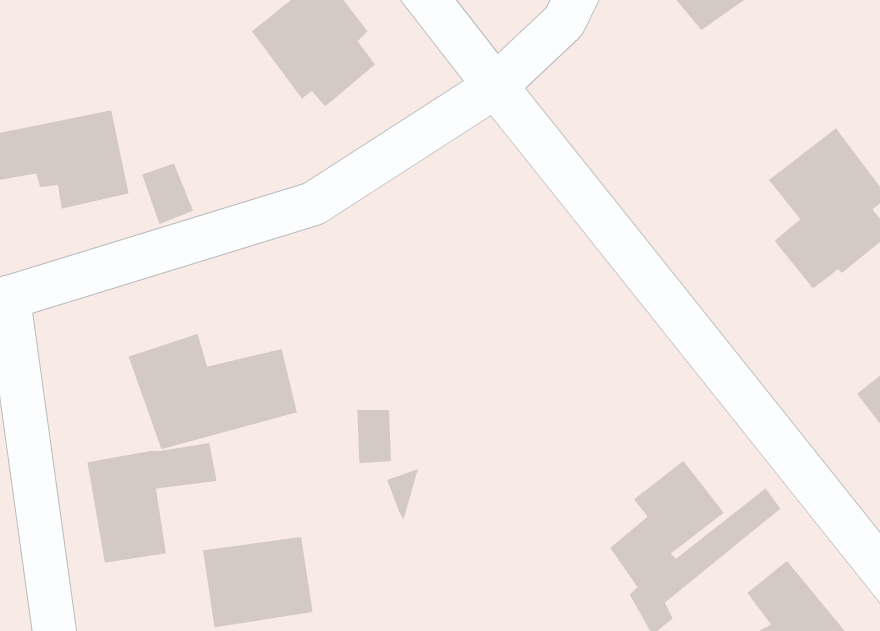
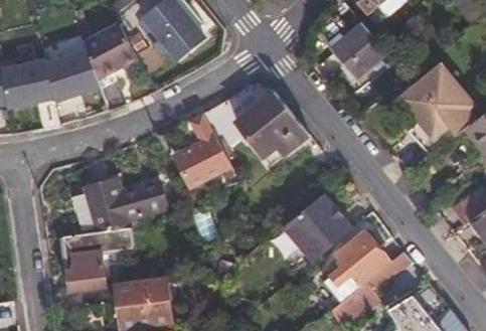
building: none -> [331,22,384,75]
building: none -> [86,24,138,77]
building: none -> [178,88,311,187]
building: none -> [283,194,354,264]

